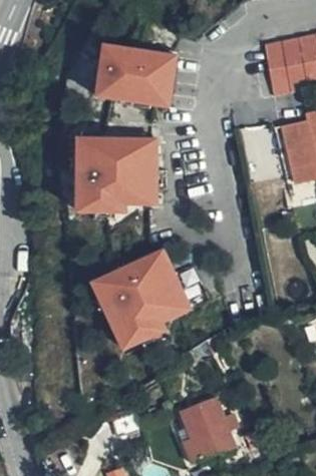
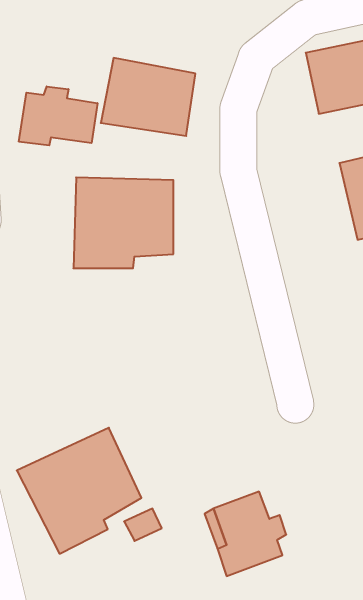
building: none -> [19,86,97,145]
building: [94,244,191,341] -> [17,428,141,554]

